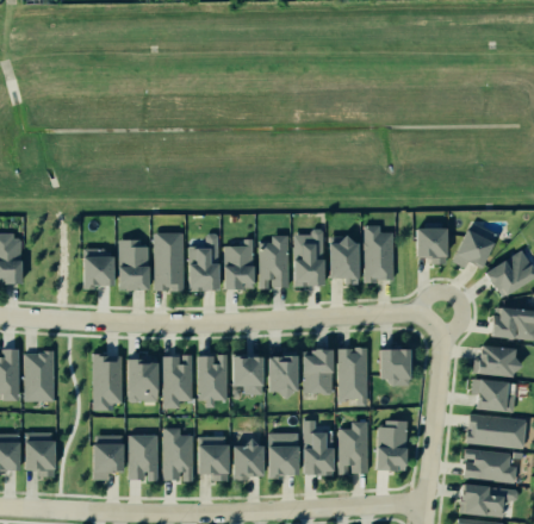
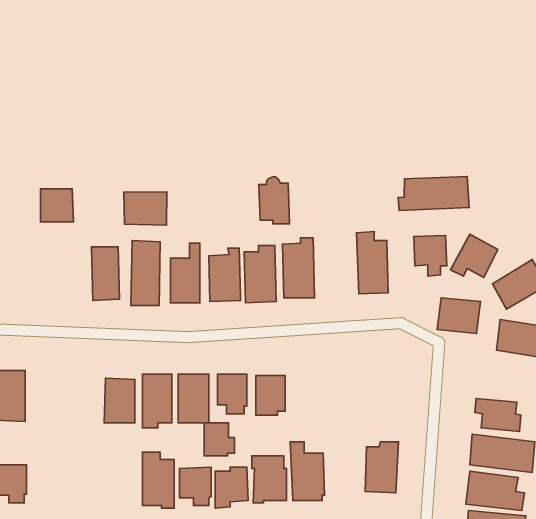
building: none -> [398,176,469,211]
building: none -> [124,192,167,225]
building: [330,238,359,282] -> [259,177,289,224]
building: [77,254,108,285] -> [40,189,74,222]
building: [477,343,517,376] -> [437,298,480,333]
building: [374,347,405,386] -> none
building: [342,348,370,405] -> none
building: [308,350,337,392] -> none
building: [92,357,120,410] -> none
building: none -> [204,423,235,456]
building: [341,422,371,475] -> none
building: [129,436,159,481] -> none
building: [92,442,122,480] -> none

